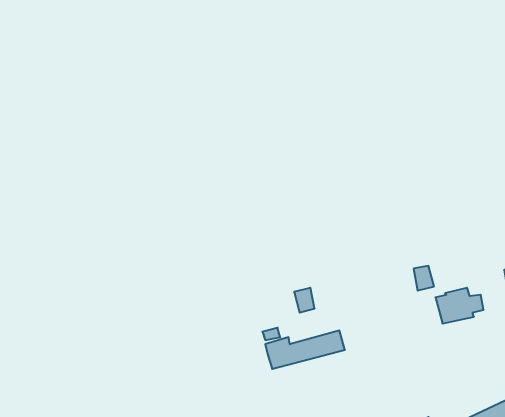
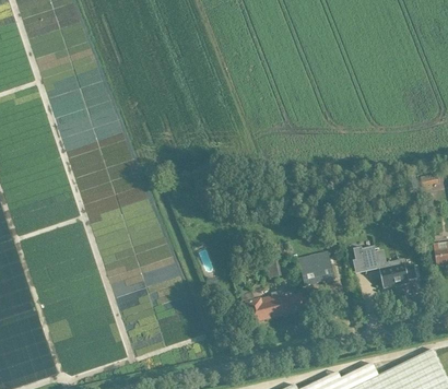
building: none -> [298,254,334,286]

